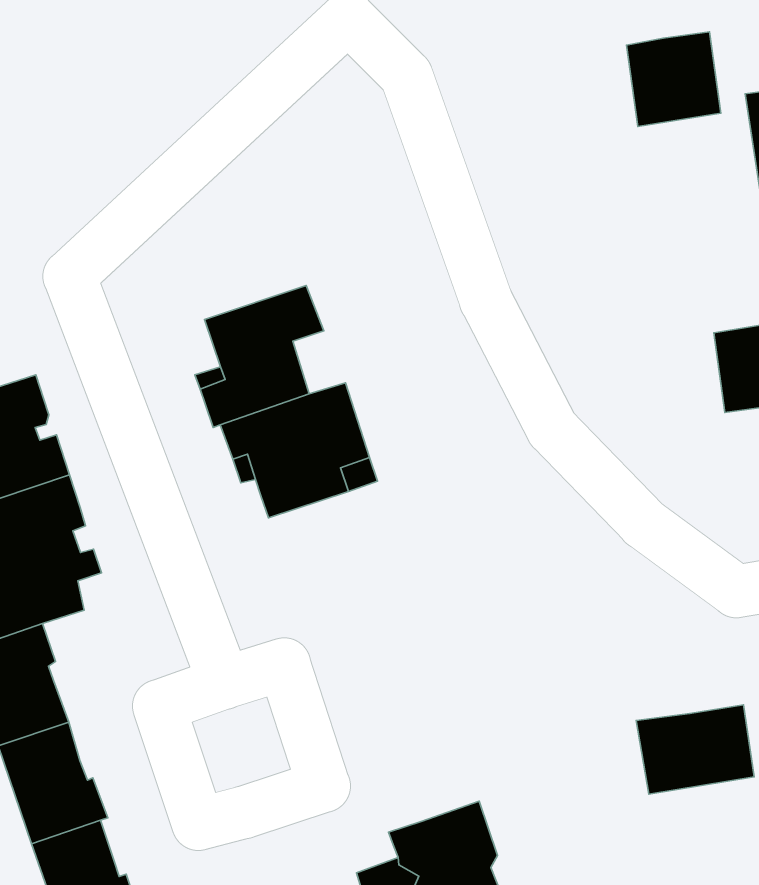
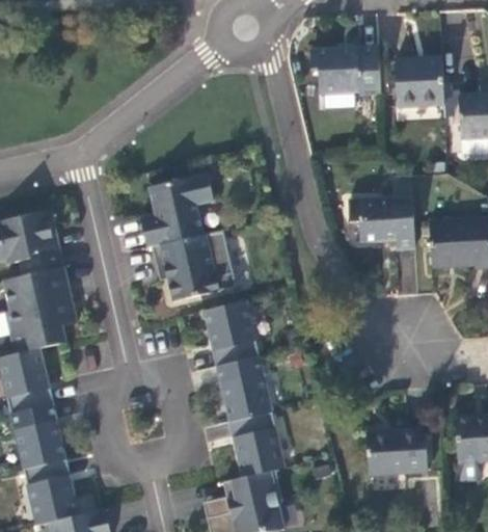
building: none -> [309,45,381,94]
building: none -> [350,175,415,247]
building: none -> [202,301,283,478]

